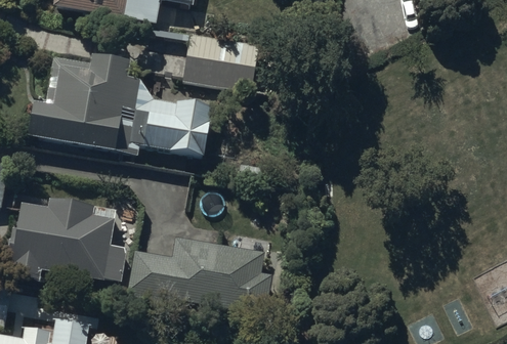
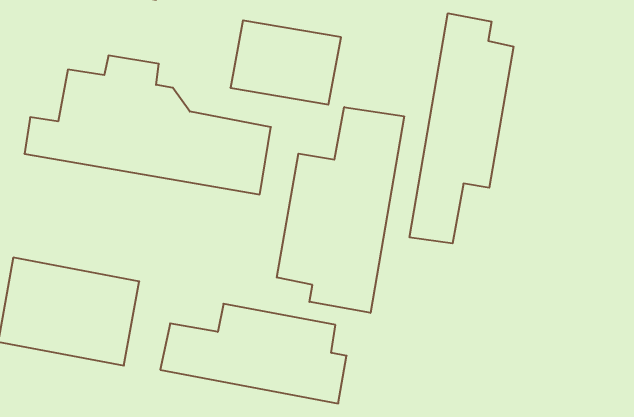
building: none -> [410,13,514,243]
building: none -> [277,107,404,313]

